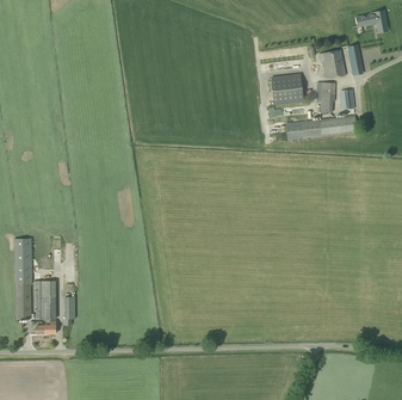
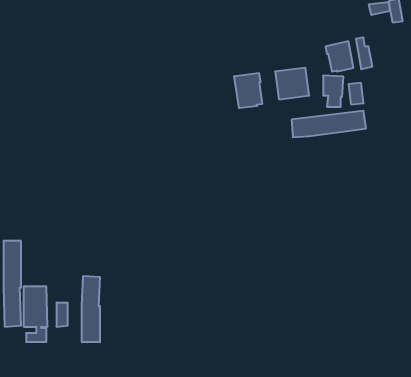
building: none -> [234,73,262,108]
building: none -> [82,276,100,342]

